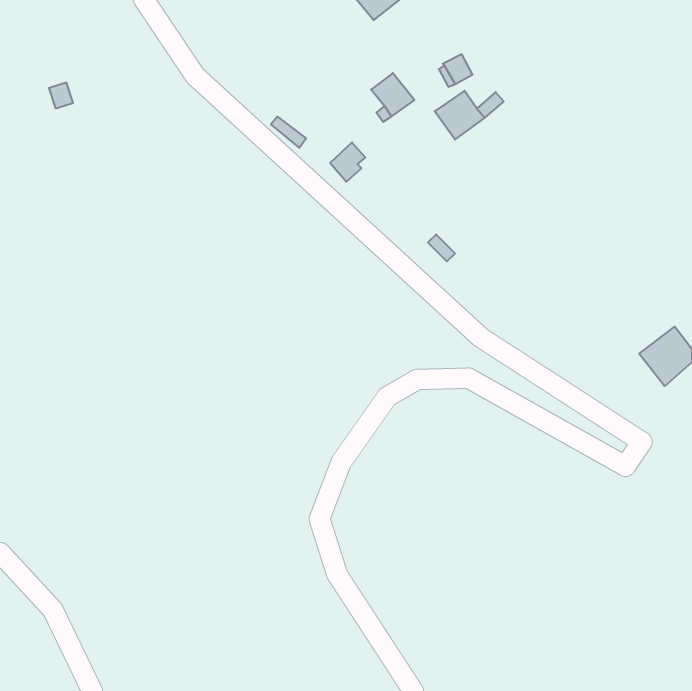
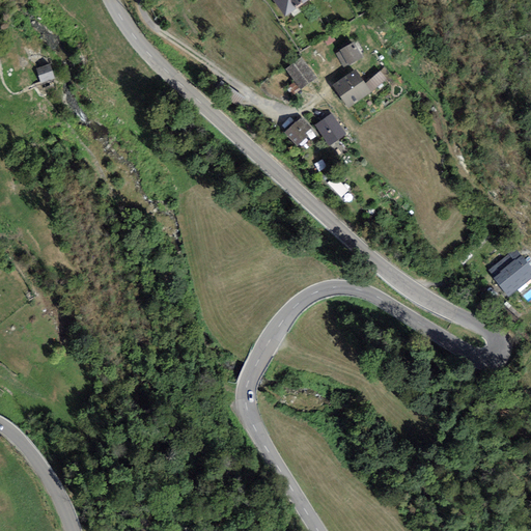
building: [330,142,365,182] -> [284,116,311,146]
building: none -> [314,113,346,145]

